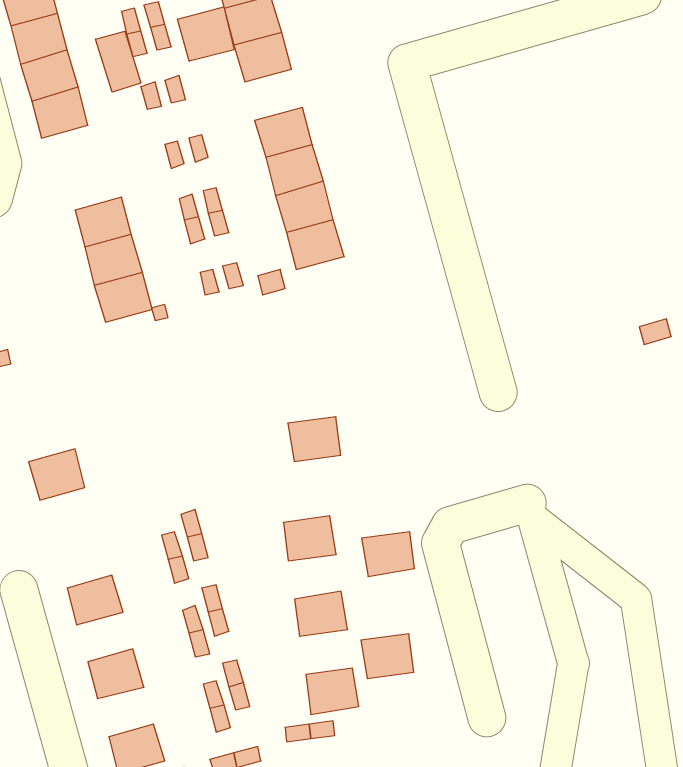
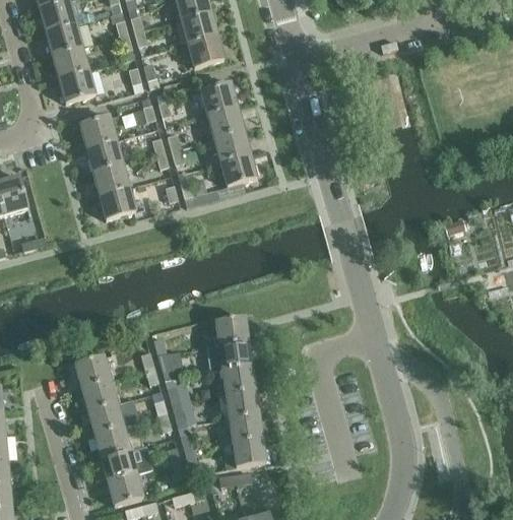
building: [177,7,234,61] -> none
building: [96,31,141,92] -> none
building: none -> [78,114,115,146]
building: [288,417,341,462] -> [213,316,247,344]
building: [29,449,85,500] -> [73,353,109,386]
building: [362,532,415,577] -> [220,365,254,393]
building: none -> [86,401,122,433]
building: [361,634,414,679] -> [228,412,261,441]
building: none -> [100,449,135,480]

